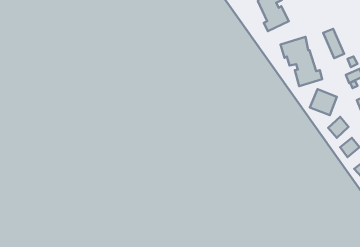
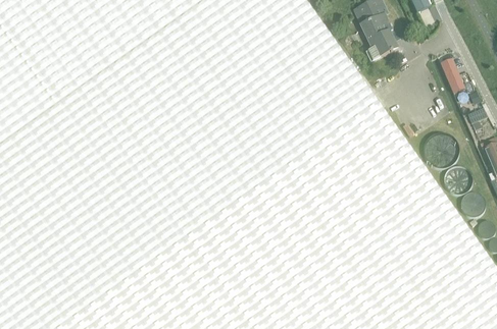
building: [280,37,322,86] -> none

